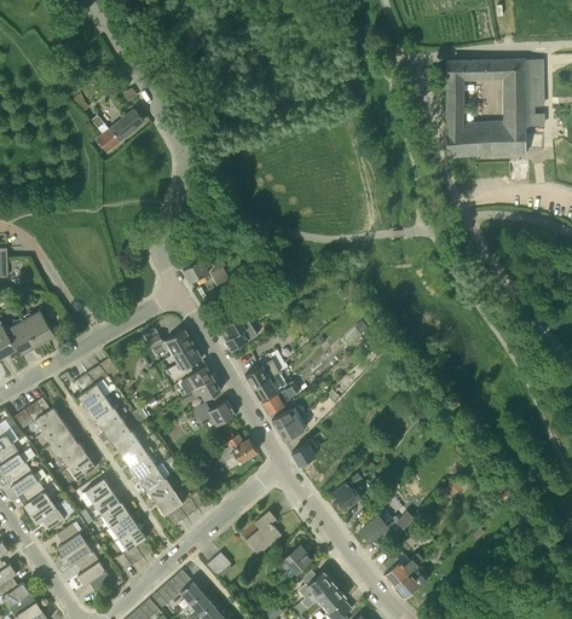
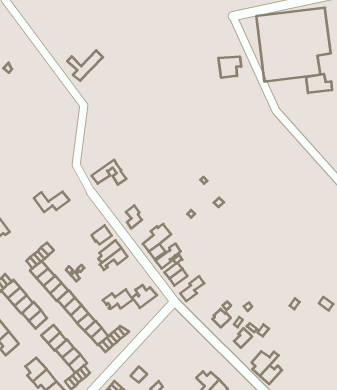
building: [91,110,143,151] -> [67,50,103,81]
building: none -> [218,57,241,78]
building: none -> [306,74,332,93]
building: [143,328,193,357] -> [34,192,69,212]
building: [192,400,236,427] -> [103,289,133,309]
building: [30,501,64,531] -> none
building: [245,510,282,555] -> none
building: [278,545,312,579] -> none

